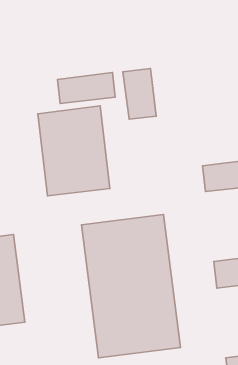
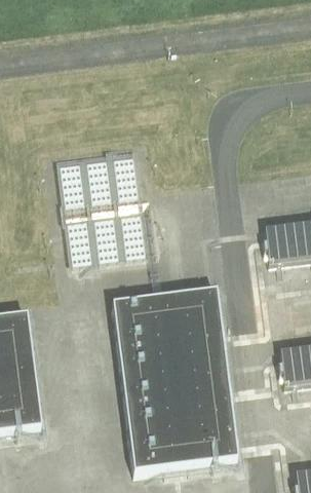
building: [123,68,156,119] -> none
building: [58,73,115,104] -> none

